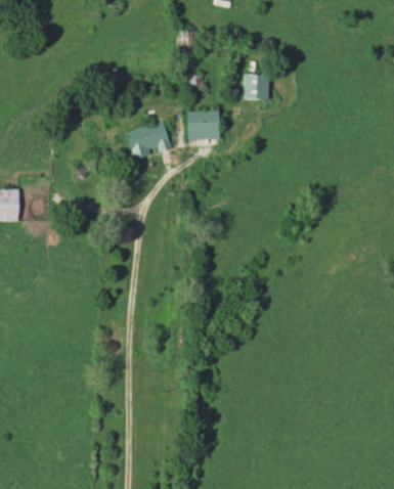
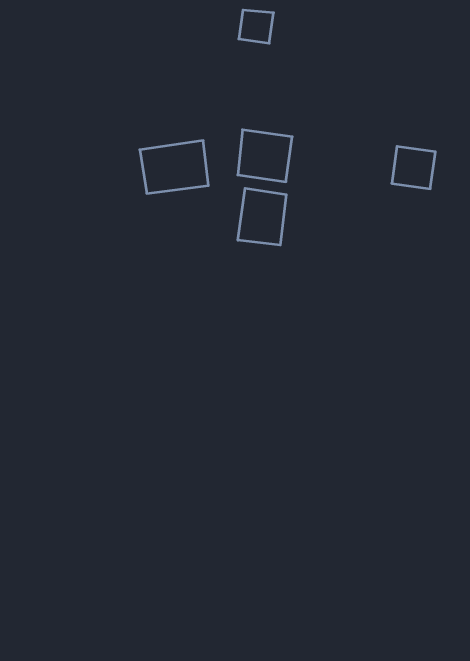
building: [244,75,268,98] -> [392,146,435,189]
building: none -> [238,188,286,245]

